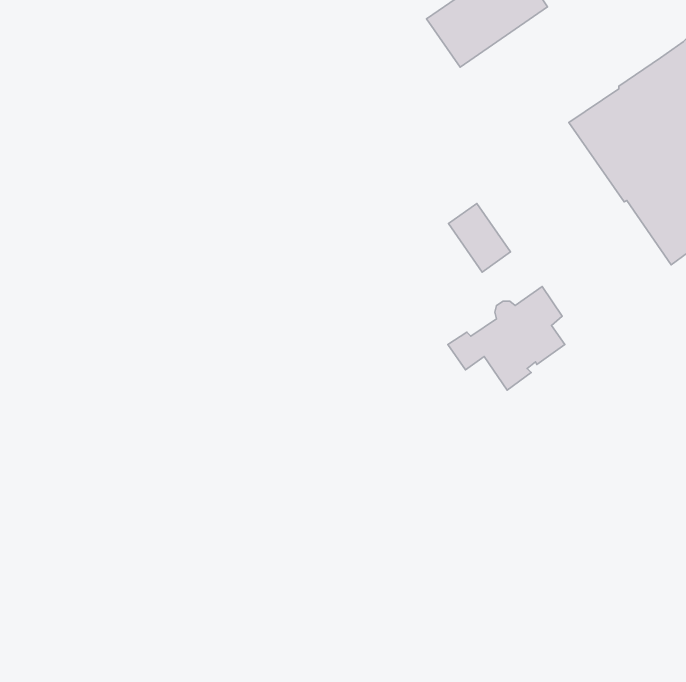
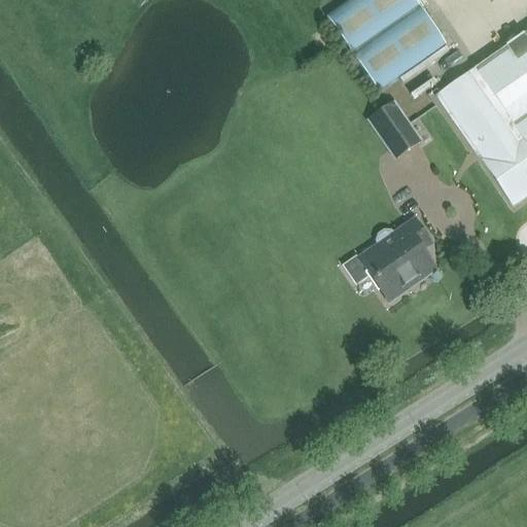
building: none -> [353,5,446,89]
building: [449,203,510,272] -> [372,102,419,154]

